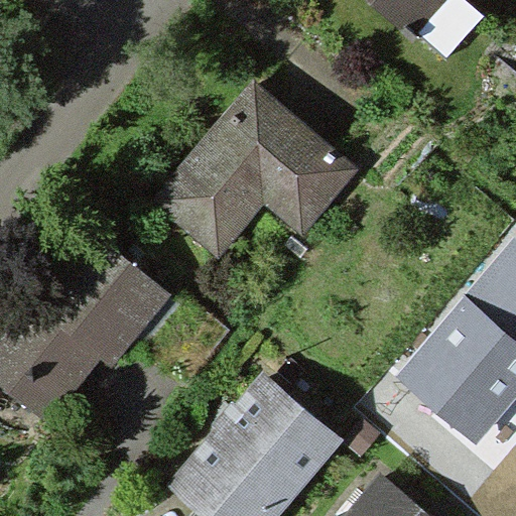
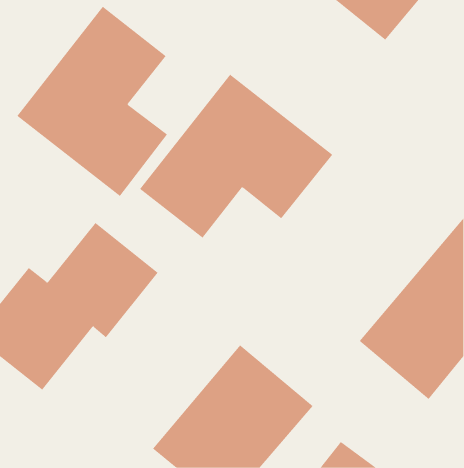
building: none -> [16,6,168,197]

